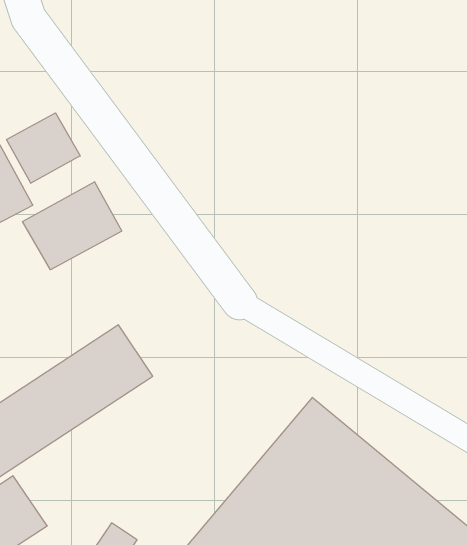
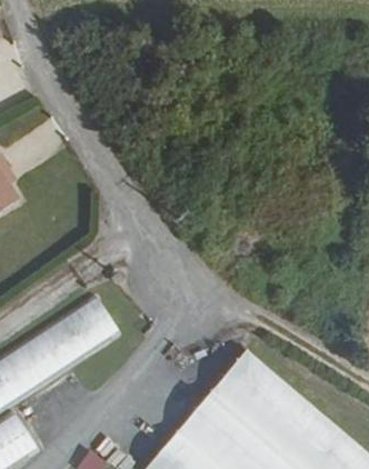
building: [7,113,80,183] -> none
building: [22,182,122,270] -> none

